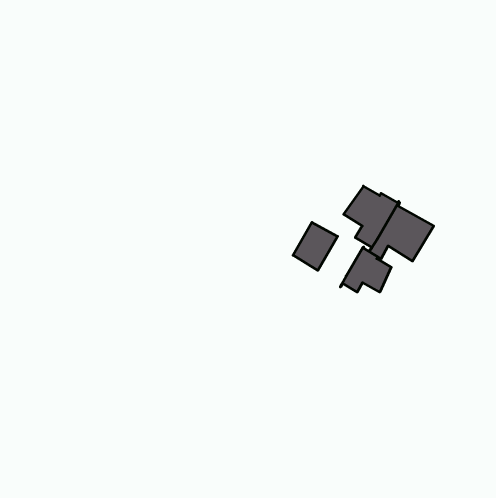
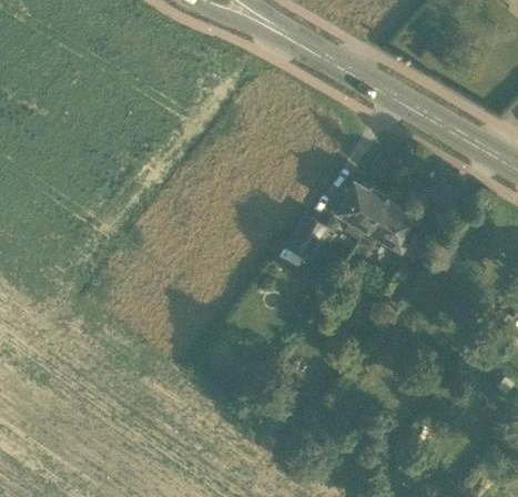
building: [340,247,391,292] -> none

